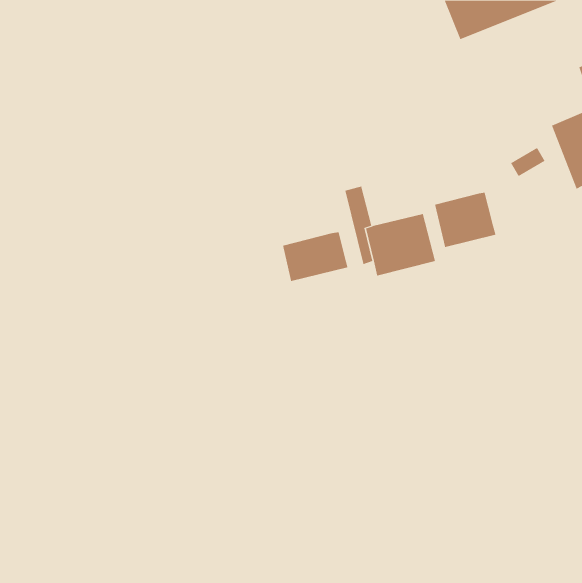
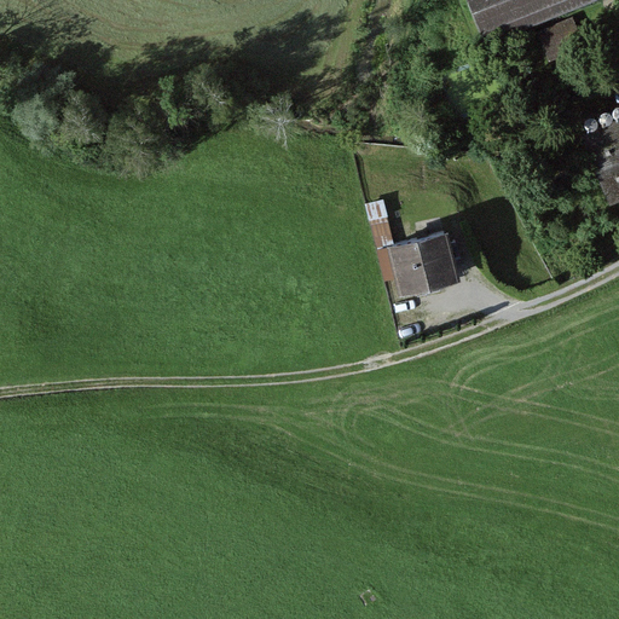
building: [435,192,496,248] -> none
building: [282,231,348,282] -> none

